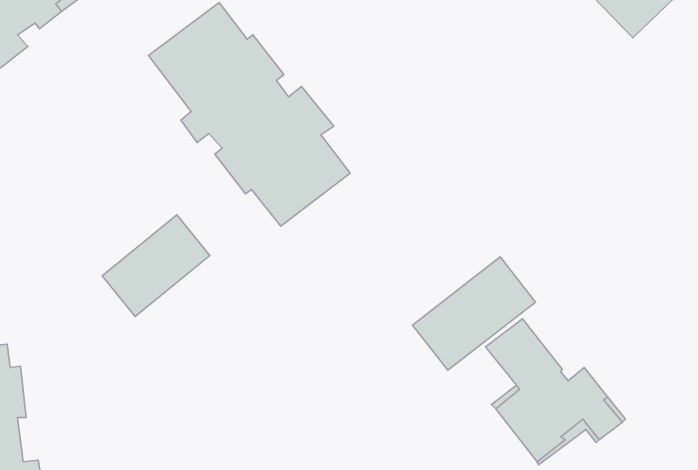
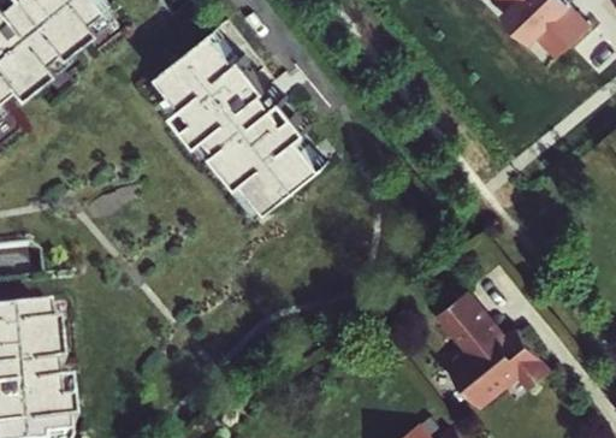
building: [102,215,210,316] -> none
building: [413,257,535,370] -> none

